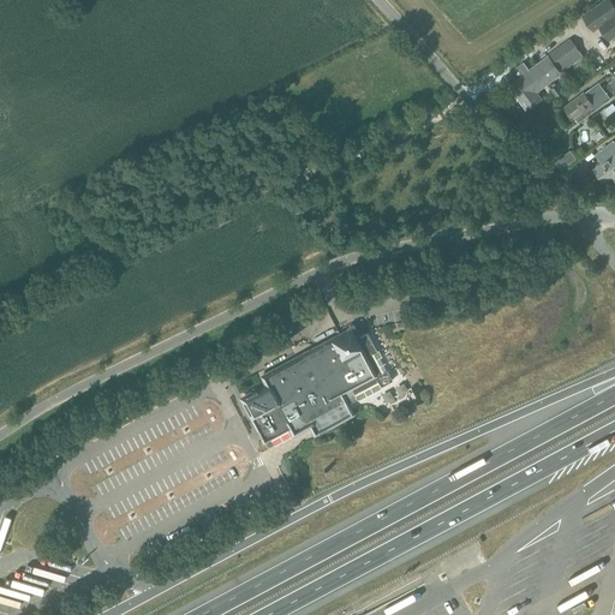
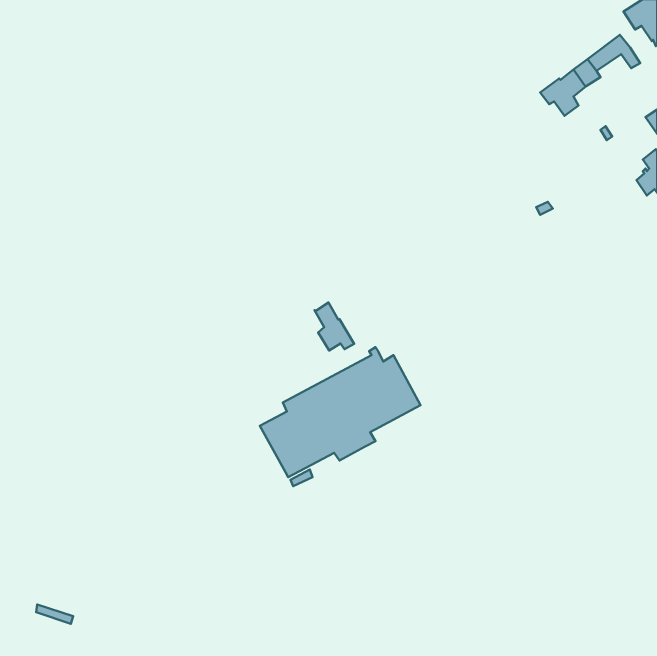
building: [563,80,607,121] -> none
building: none -> [315,302,354,350]

